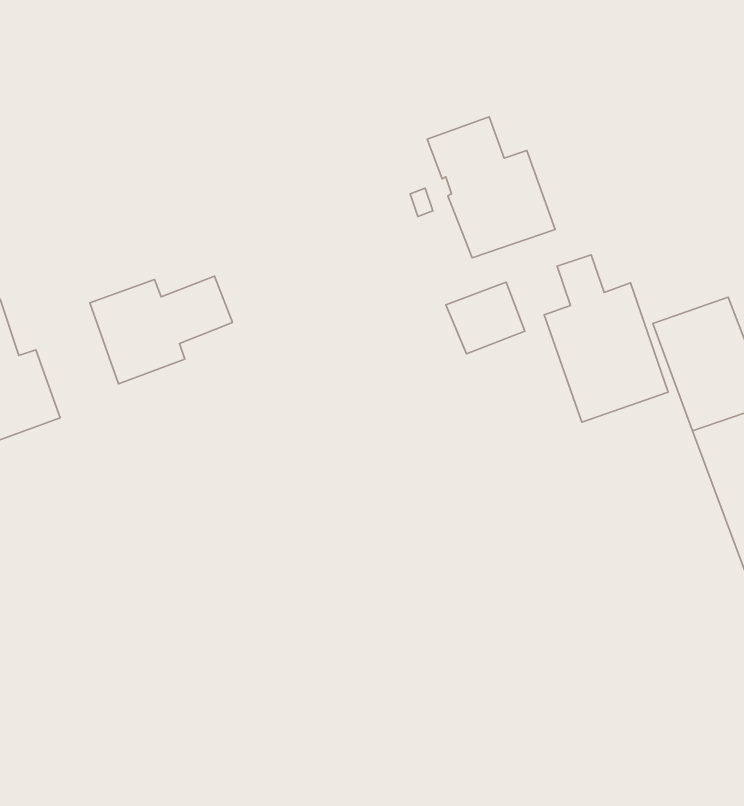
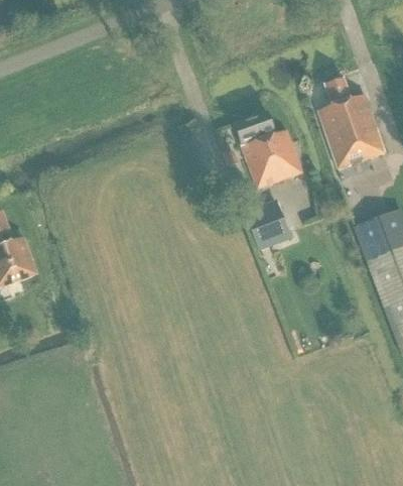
building: [544,255,668,422] -> [317,79,384,168]
building: [90,276,232,384] -> none

